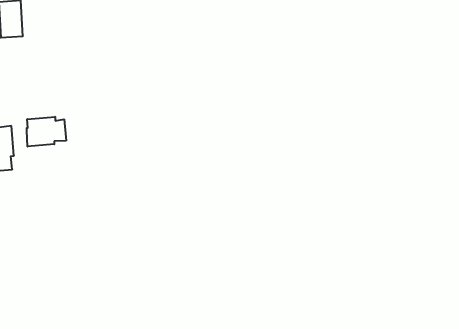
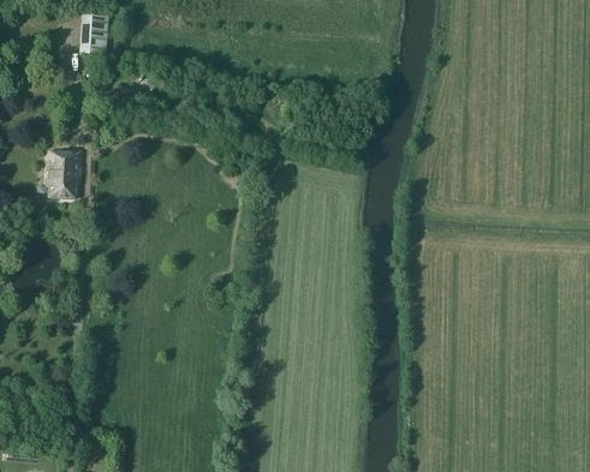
building: [27,117,66,147] -> none

